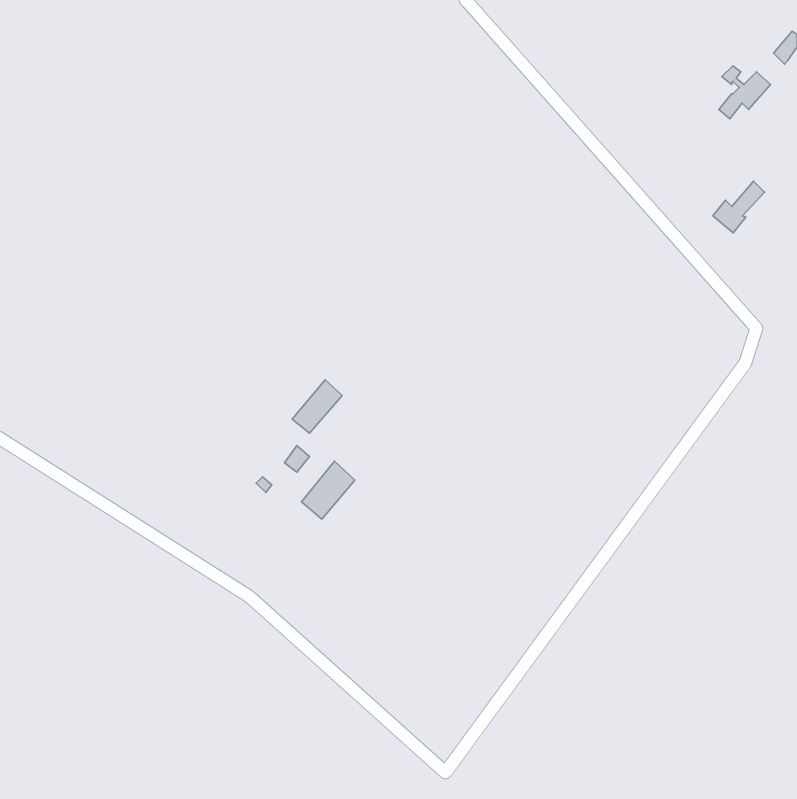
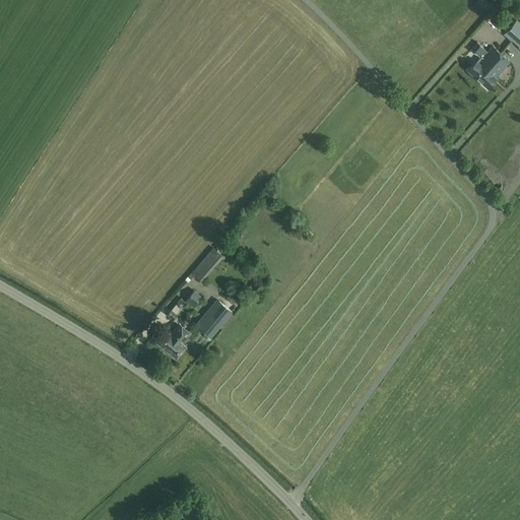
building: [713,181,765,233] -> [474,55,508,88]
building: none -> [156,323,190,358]

